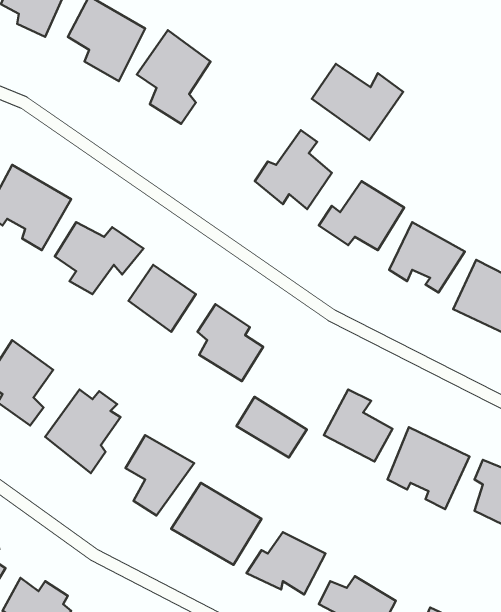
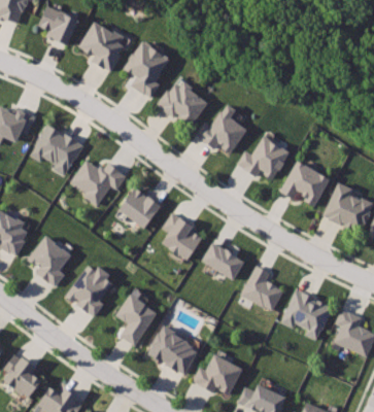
building: [312,64,403,140] -> none
building: none -> [158,77,209,127]
building: [236,397,307,457] -> [202,242,246,280]

